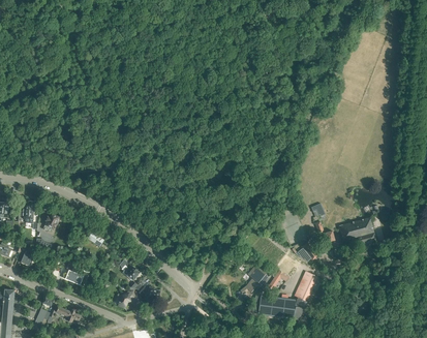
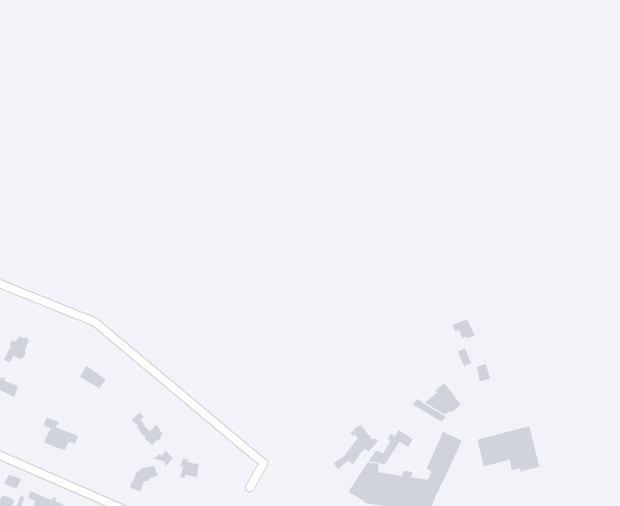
building: [337,217,375,245] -> [476,426,540,472]

